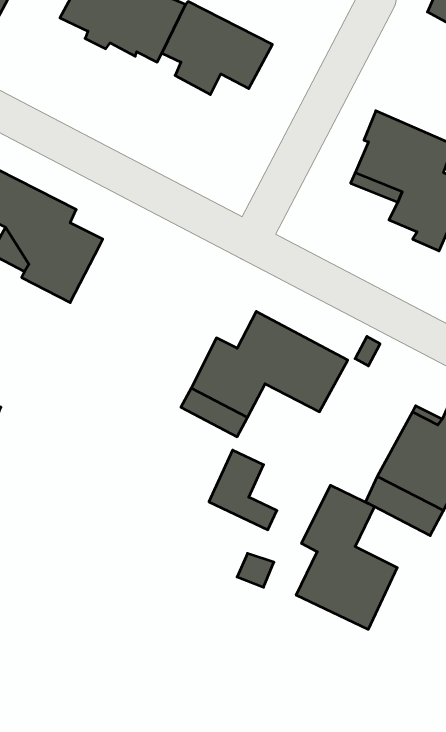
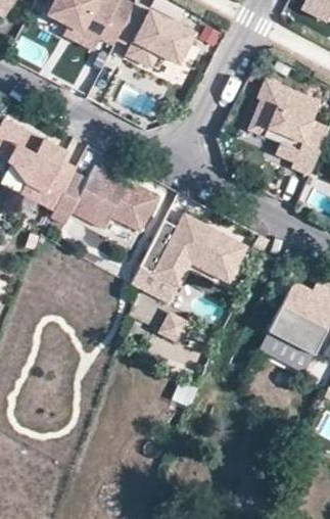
building: none -> [51,164,159,232]
building: [296,485,397,629] -> none

